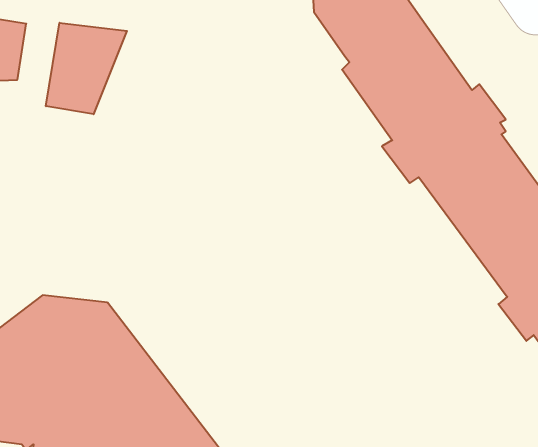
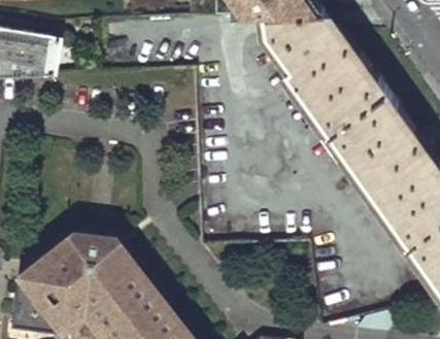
building: [46,23,127,114] -> none

